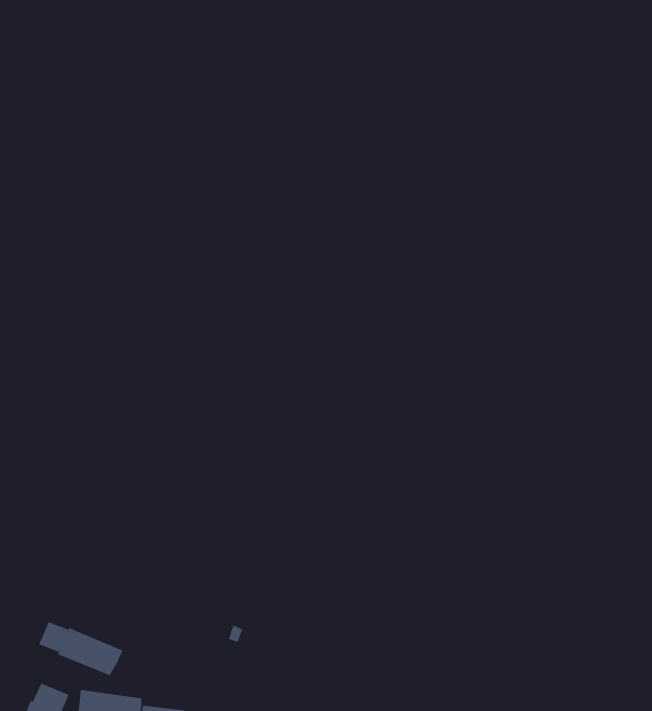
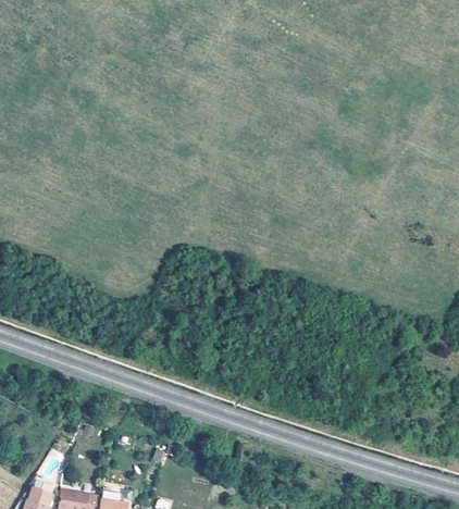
building: [38,621,123,676] -> none

